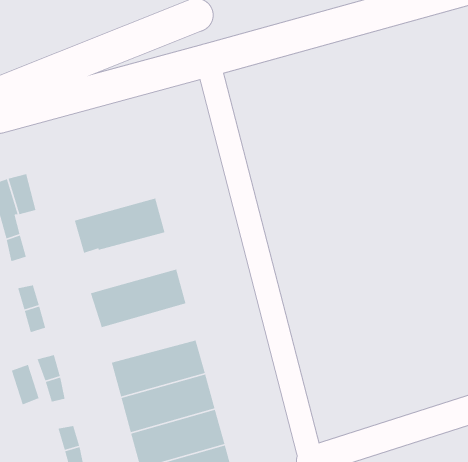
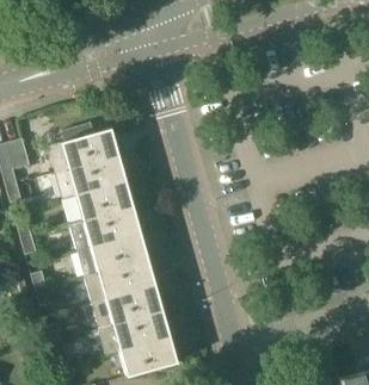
building: none -> [50,130,118,173]
building: none -> [75,182,134,223]
building: none -> [78,235,148,278]

